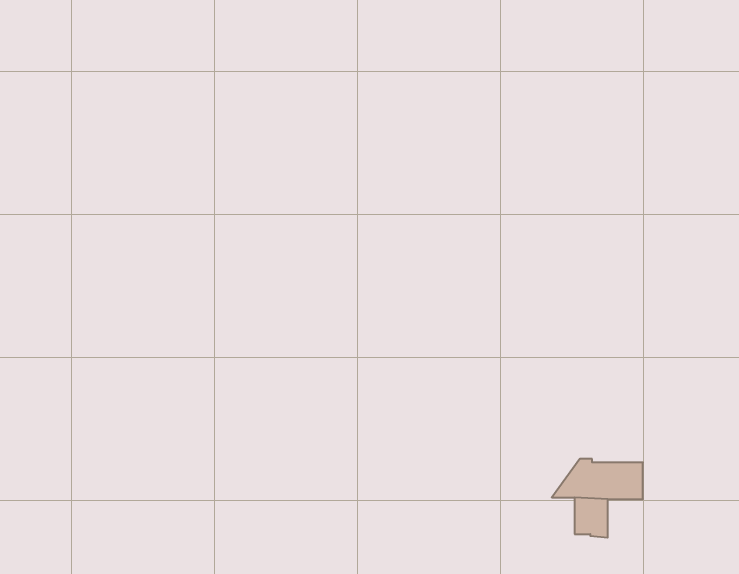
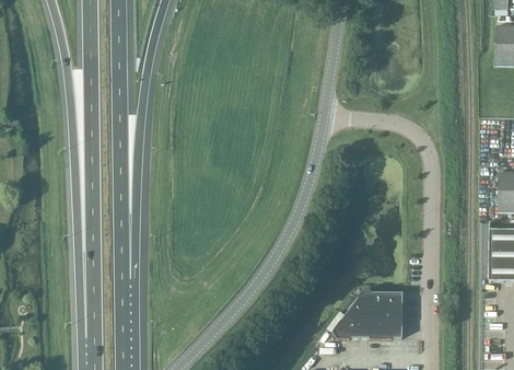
building: none -> [331,313,360,337]
building: none -> [381,314,402,338]

